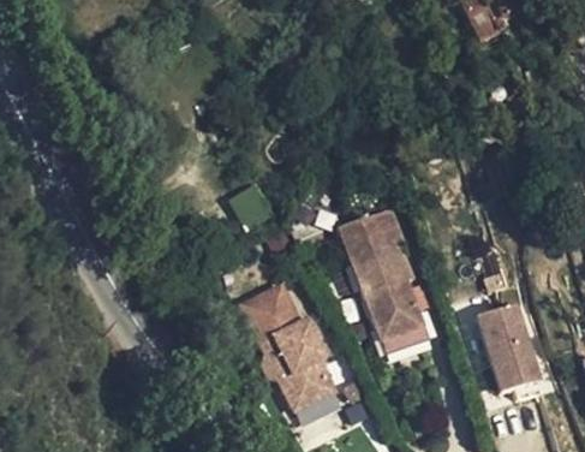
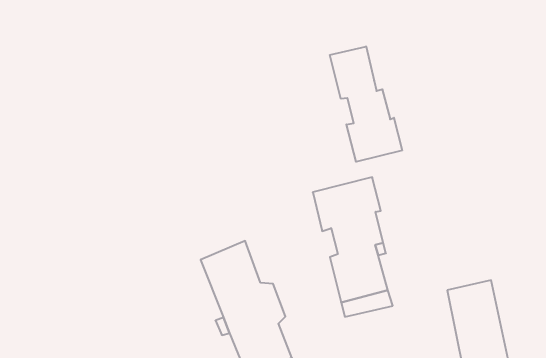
building: none -> [330,46,402,162]

